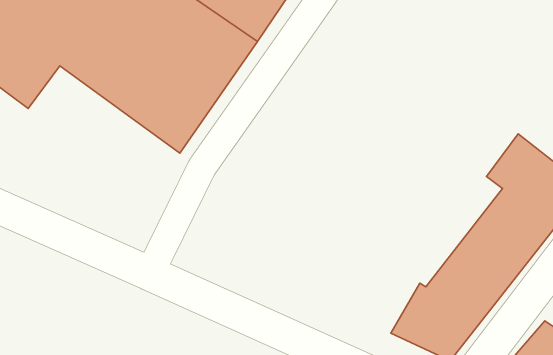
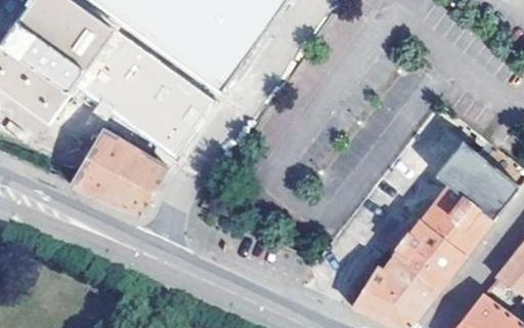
building: none -> [77,122,171,206]

